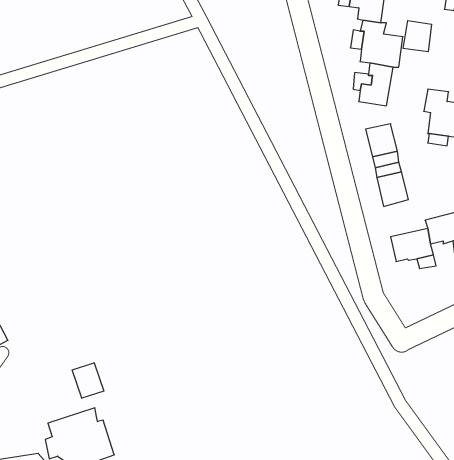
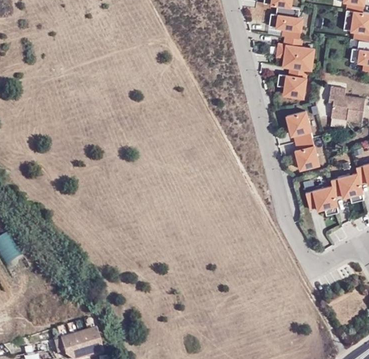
building: [403,21,432,52] -> none
building: [72,363,104,398] -> none

